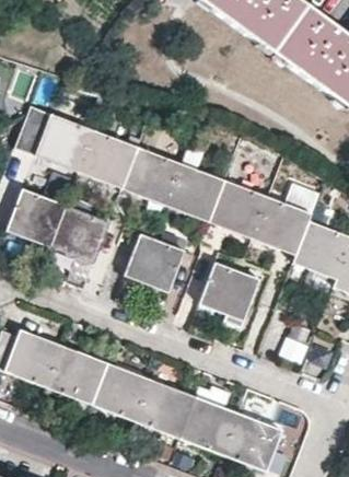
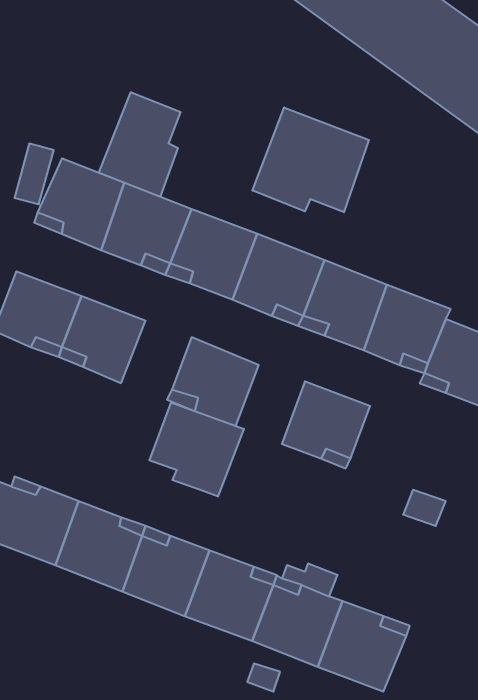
building: none -> [99,92,181,197]
building: none -> [252,107,369,212]
building: none -> [149,403,244,497]

